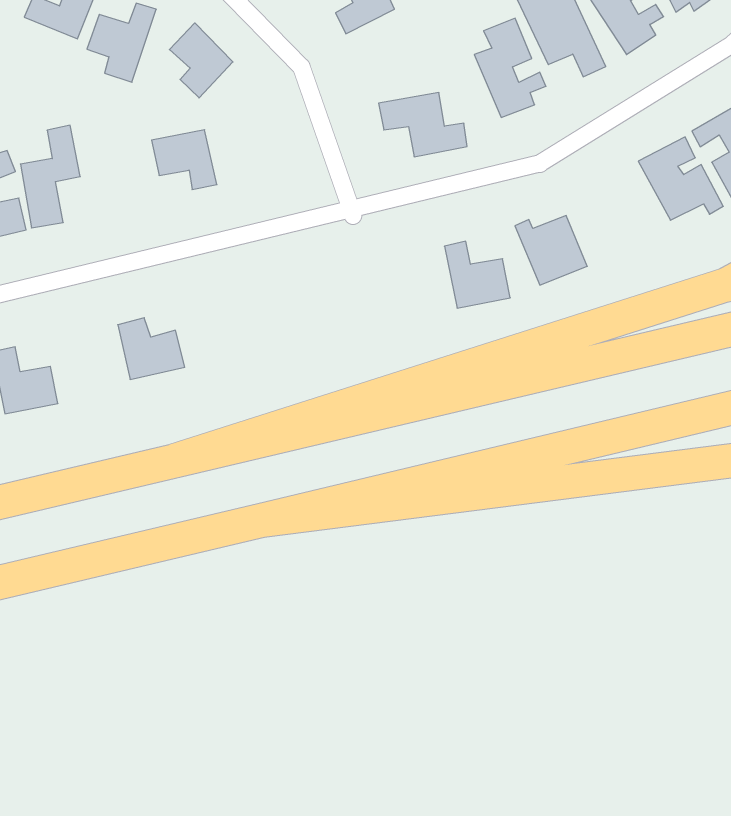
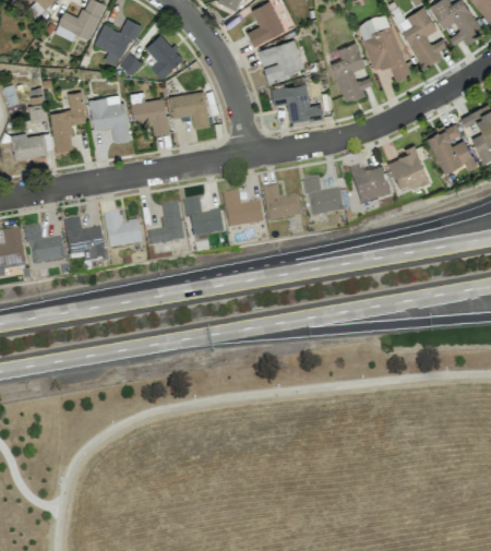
building: none -> [259,40,303,84]
building: none -> [170,91,211,130]
building: none -> [89,96,129,142]
building: none -> [388,145,430,193]
building: none -> [263,184,302,221]
building: none -> [223,191,263,228]
building: none -> [183,199,224,237]
building: none -> [148,202,183,245]
building: none -> [63,218,107,263]

